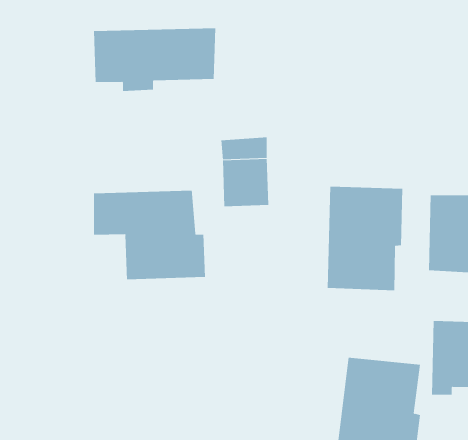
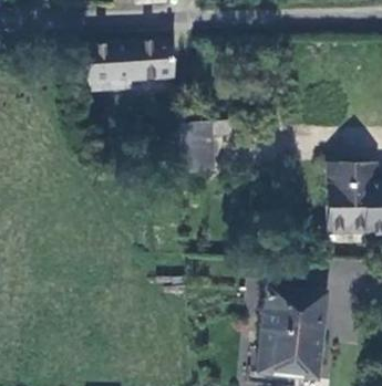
building: [327,186,403,291] -> none
building: [93,190,205,280] -> none

